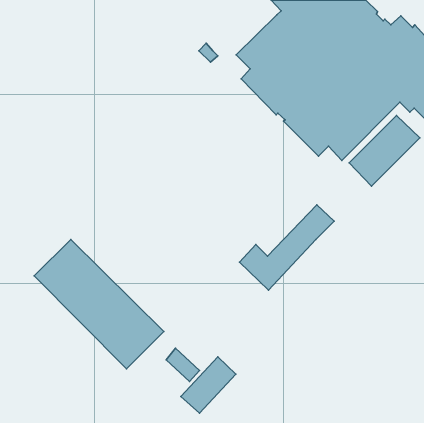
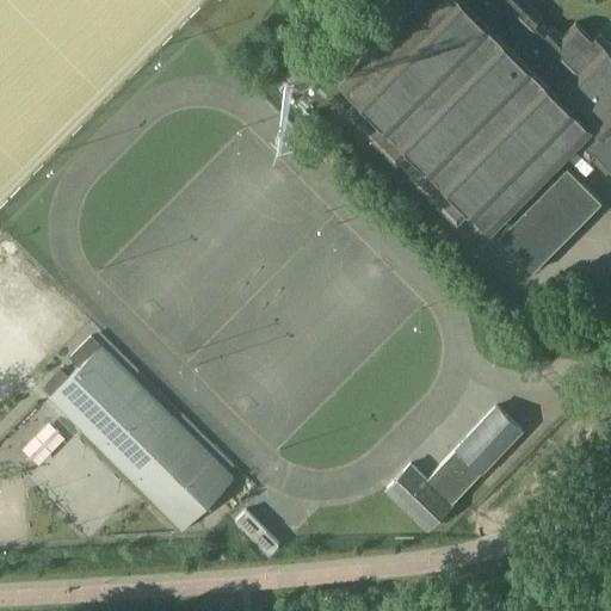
building: [239,205,334,290] -> [387,408,523,531]
building: [181,357,236,413] -> none

